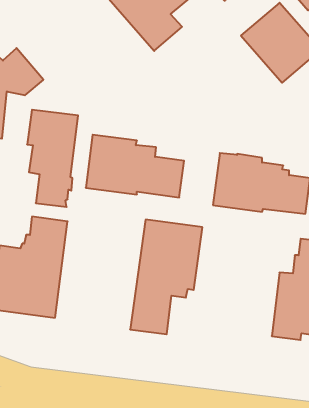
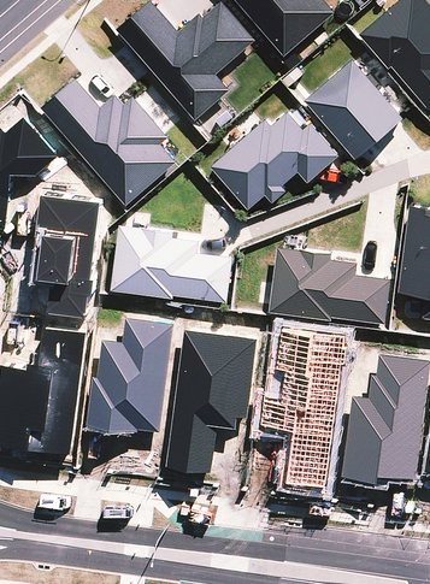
building: none -> [40,76,176,205]
building: none -> [211,112,338,210]
building: none -> [84,317,173,432]
building: none -> [259,325,346,484]

